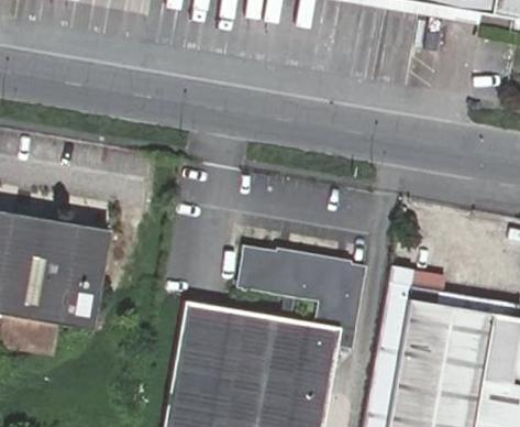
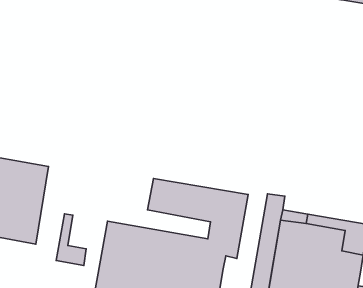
building: none -> [56,214,86,265]

